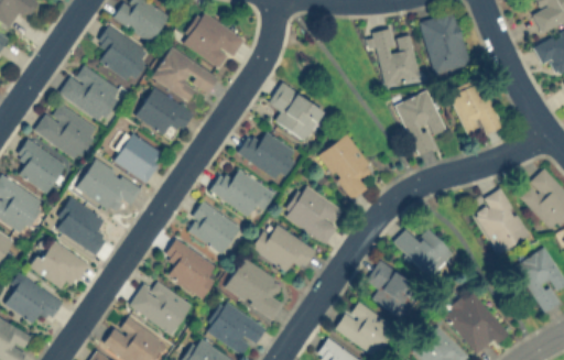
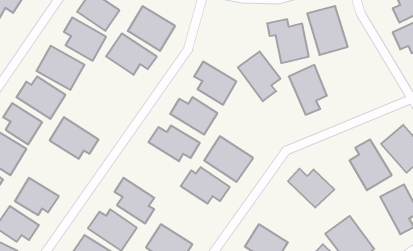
building: [449,83,500,139] -> none
building: [135,89,192,141] -> none
building: [113,133,165,184] -> none
building: [318,134,375,200] -> [238,51,280,101]
building: [53,197,107,255] -> none
building: [184,201,241,255] -> none
building: [225,258,284,319] -> none
building: [367,261,421,318] -> none

